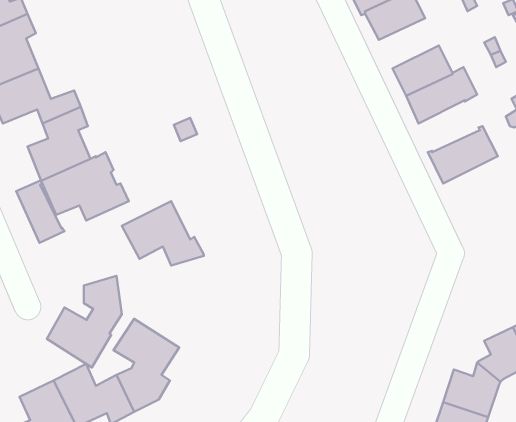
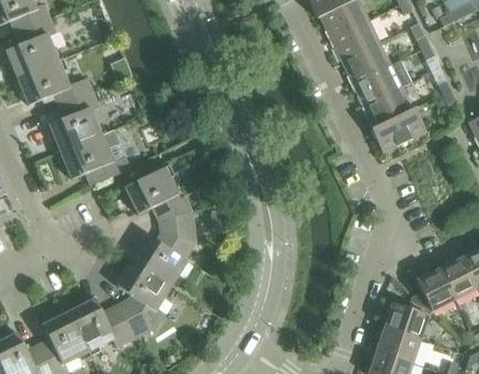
building: none -> [332,20,380,61]
building: none -> [364,86,413,128]
building: [16,180,64,243] -> none
building: [47,276,122,368] -> [135,211,196,285]

